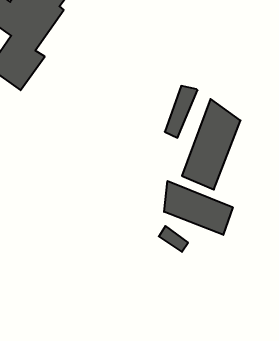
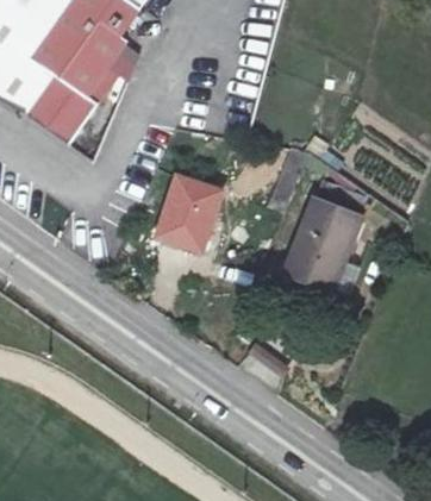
building: none -> [157,175,220,250]
building: [164,181,233,235] -> none

